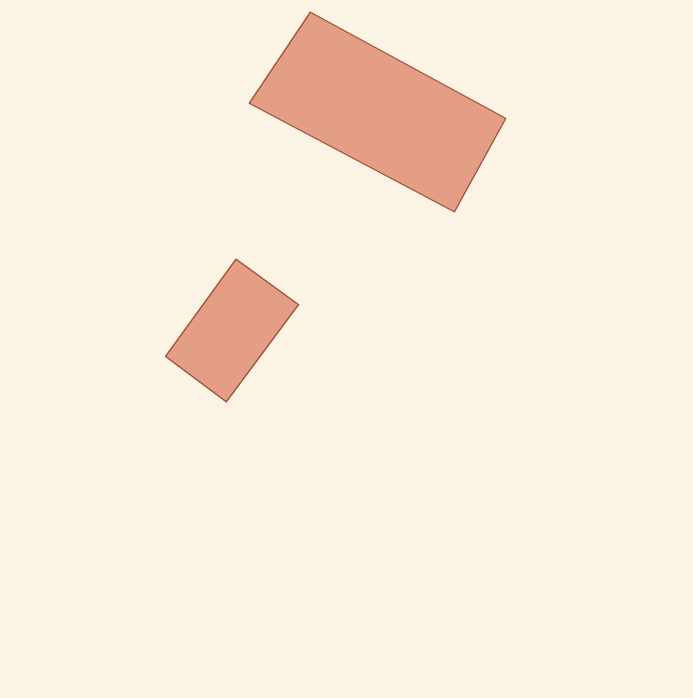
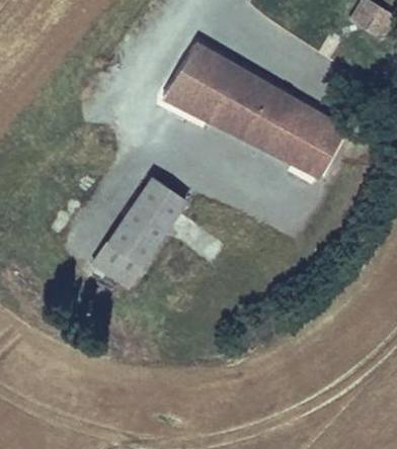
building: none -> [269,104,344,179]
building: none -> [93,231,148,284]

